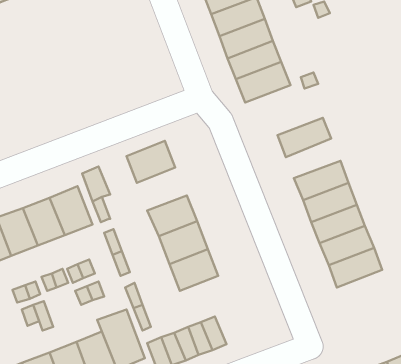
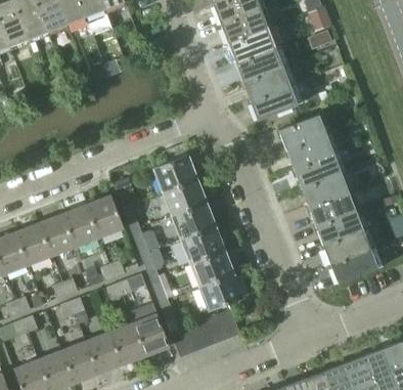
building: none -> [279,115,326,150]
building: none -> [294,154,342,188]
building: none -> [163,179,207,217]
building: none -> [200,274,243,312]

